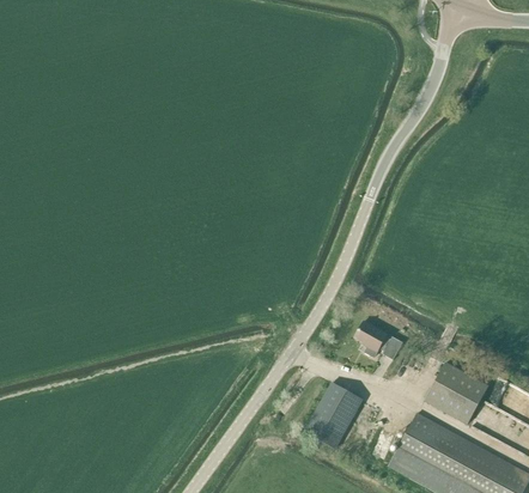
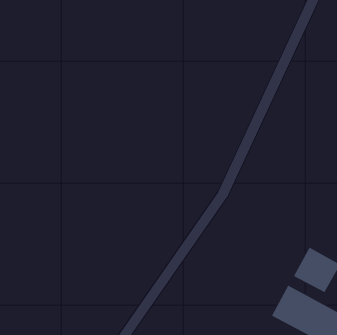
building: [354,322,399,359] -> none
building: [304,384,363,450] -> none

